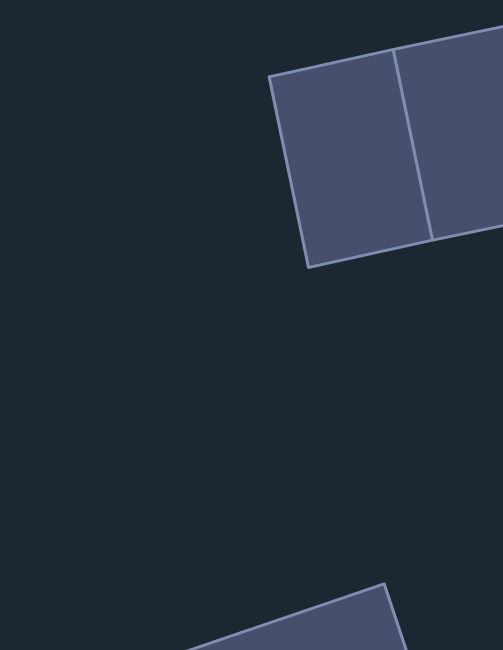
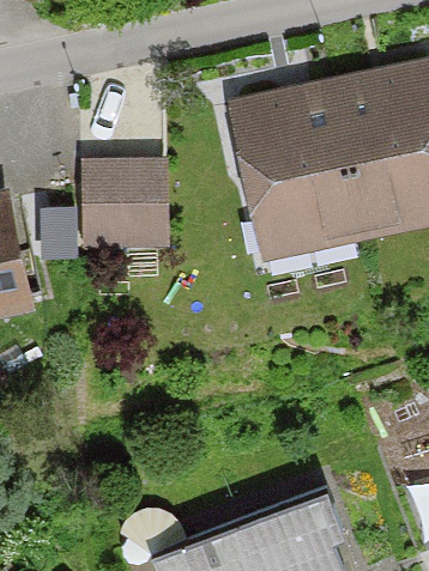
building: none -> [75,151,171,250]

